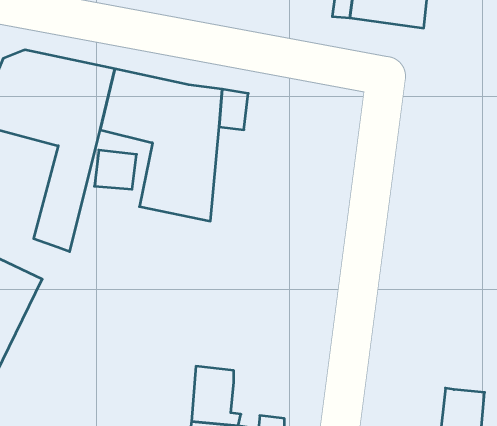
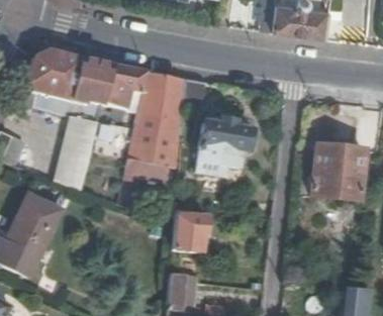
building: none -> [197,117,257,167]
building: none -> [313,147,366,201]
building: none -> [170,215,206,253]

